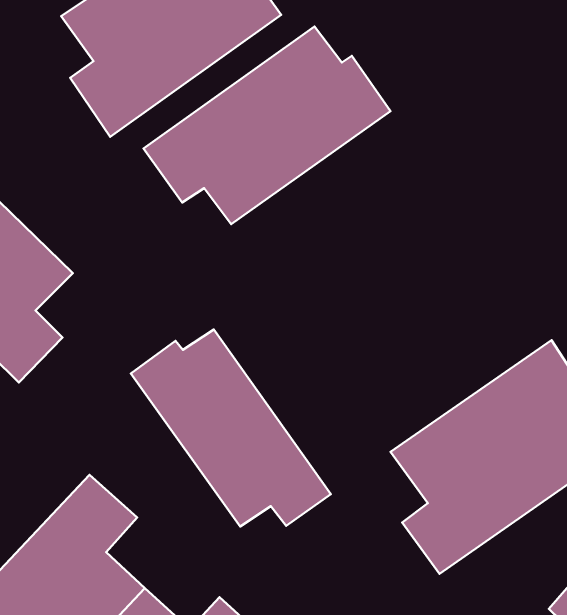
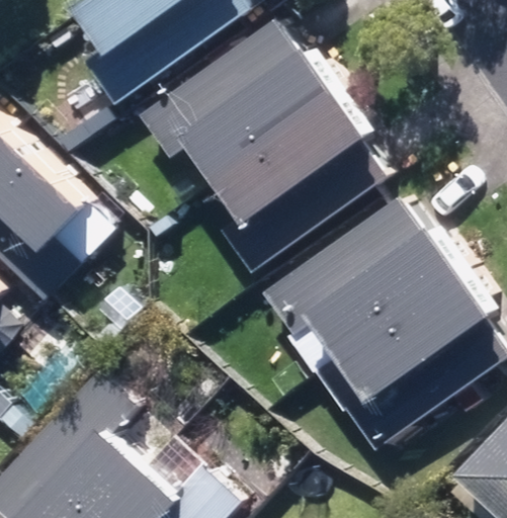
building: none -> [206,88,382,275]
building: none -> [260,198,458,356]
building: [131,329,331,527] -> none

